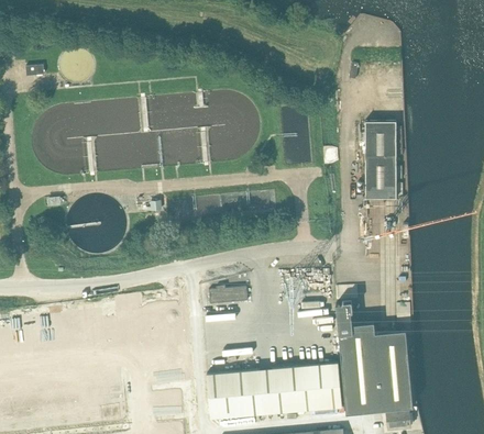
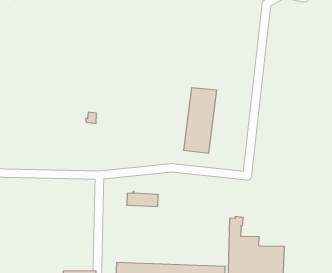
building: [364,123,395,200] -> [184,88,217,153]

